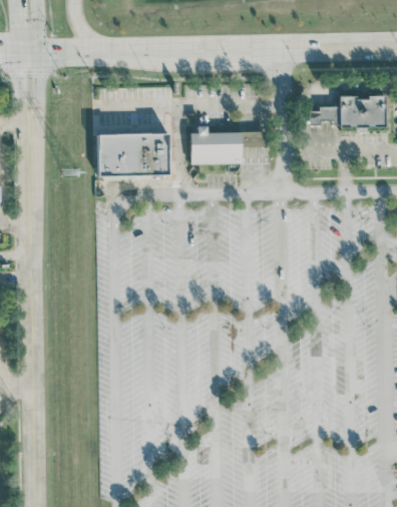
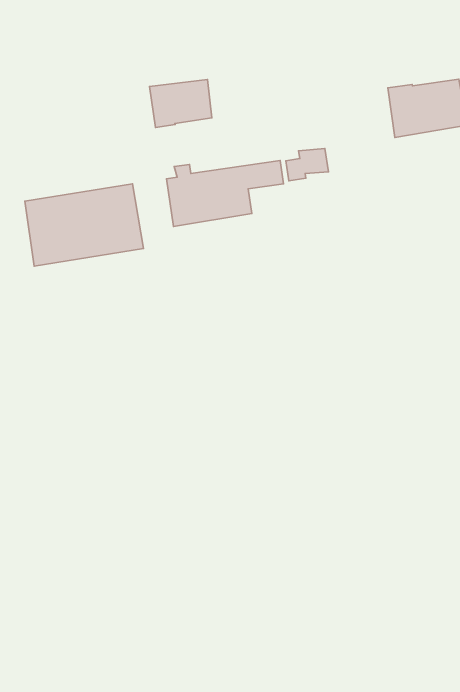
building: none -> [149,79,212,128]
building: [310,104,336,122] -> [286,149,328,181]

